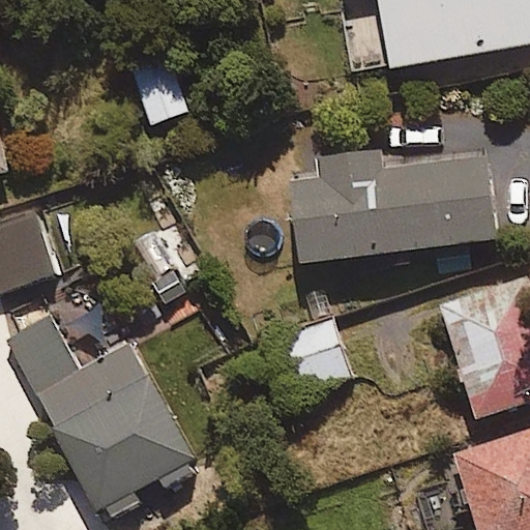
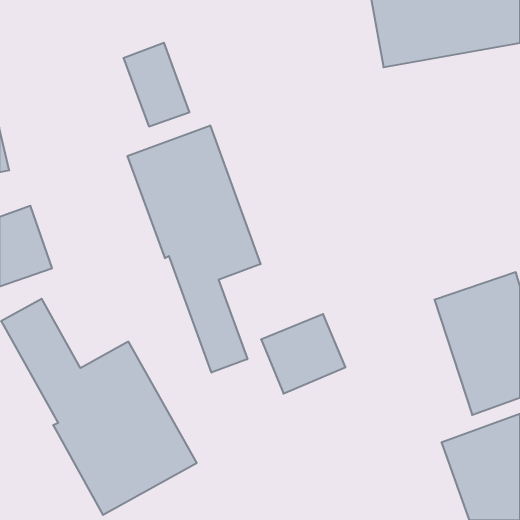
building: none -> [127,125,261,373]
building: [291,150,497,261] -> none

